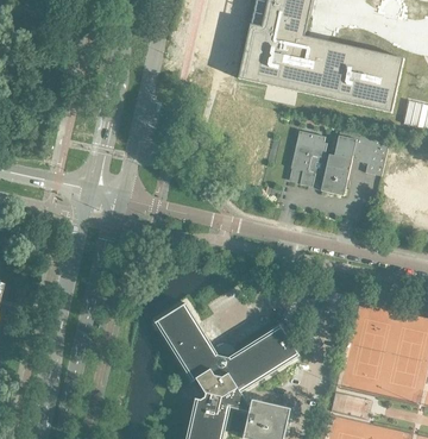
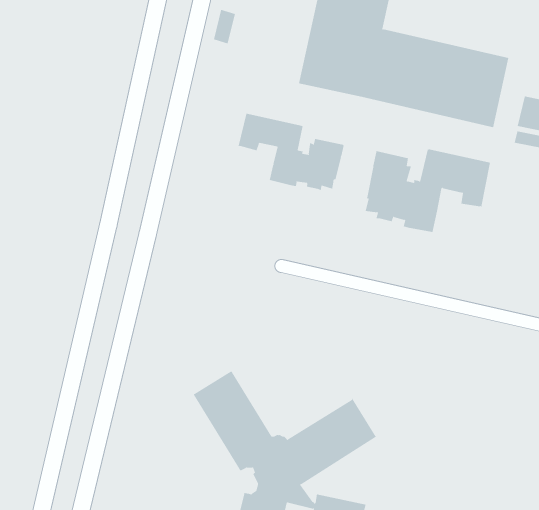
building: none -> [238,113,345,191]

